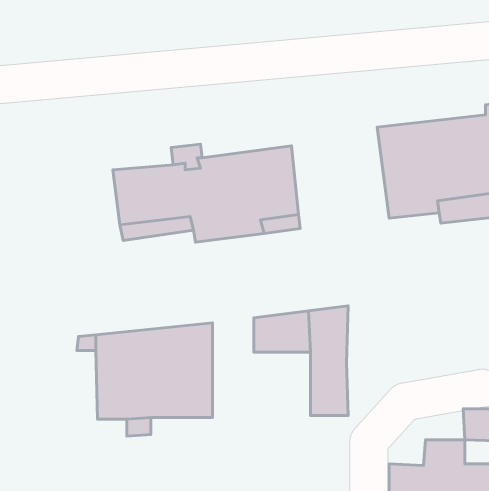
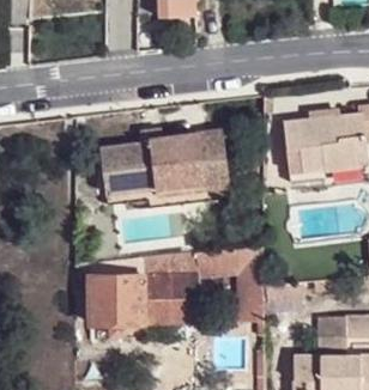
building: none -> [169,254,198,323]

